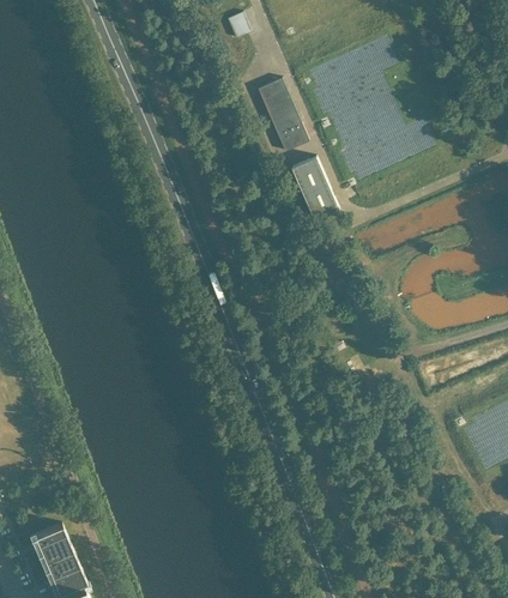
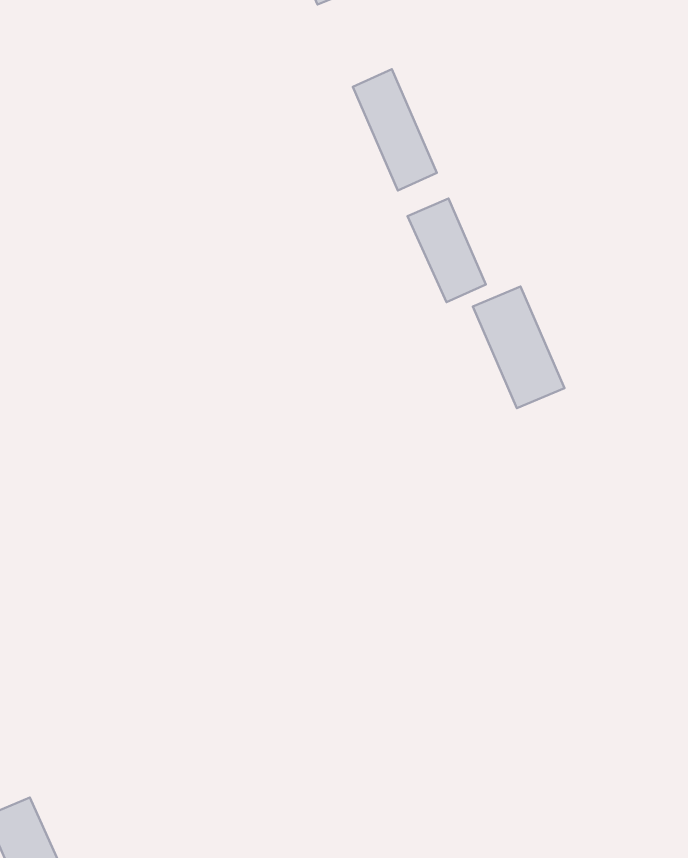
building: none -> [473,286,564,408]

